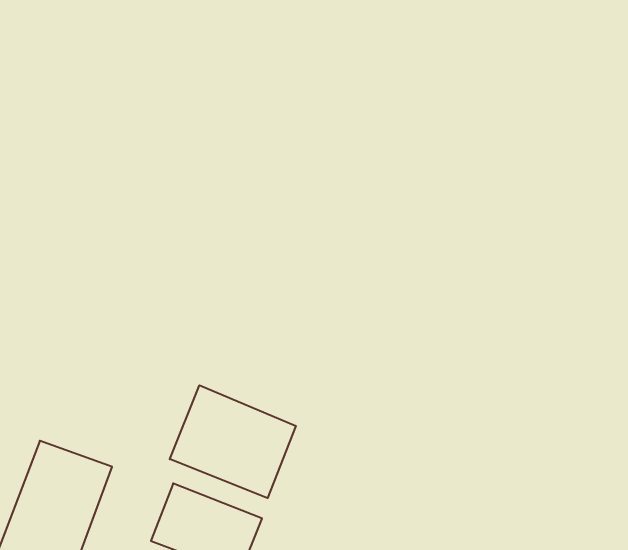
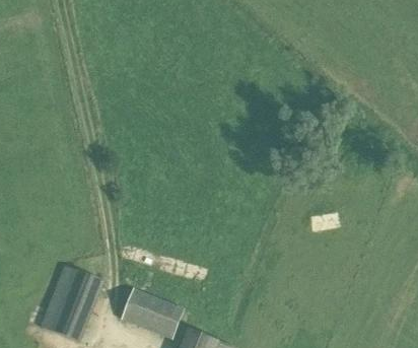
building: [170,385,296,498] -> none

